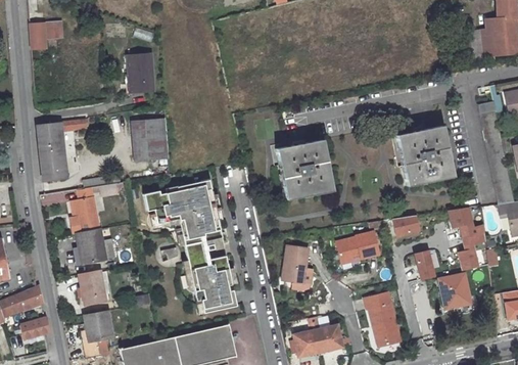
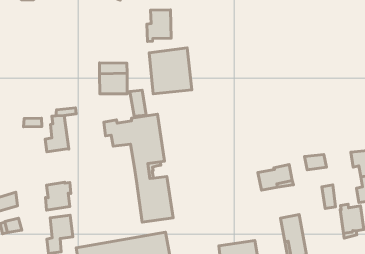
building: [123,52,153,93] -> [147,10,171,42]
building: [37,119,87,182] -> none
building: [396,125,452,185] -> none
building: [276,138,331,197] -> [149,48,192,94]
building: none -> [130,90,146,116]
building: [75,228,105,263] -> none
building: [282,243,313,287] -> none

